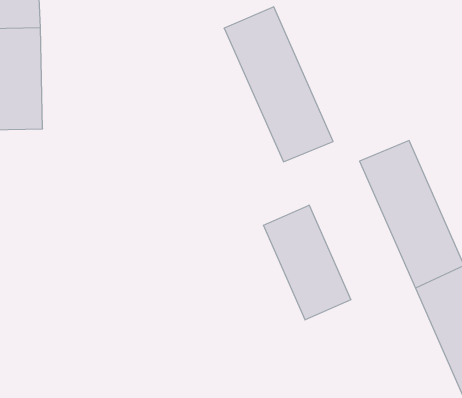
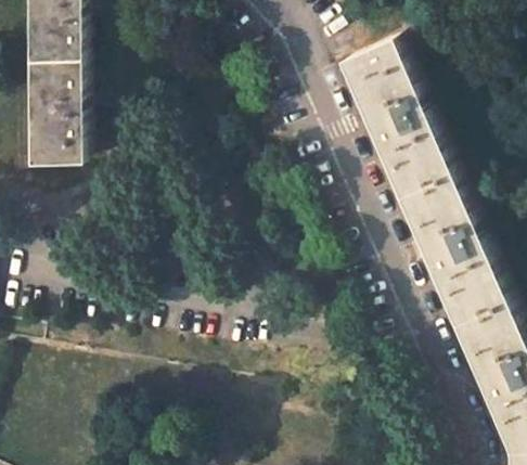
building: [224,7,333,162] -> [340,42,450,198]
building: [263,205,351,320] -> none

